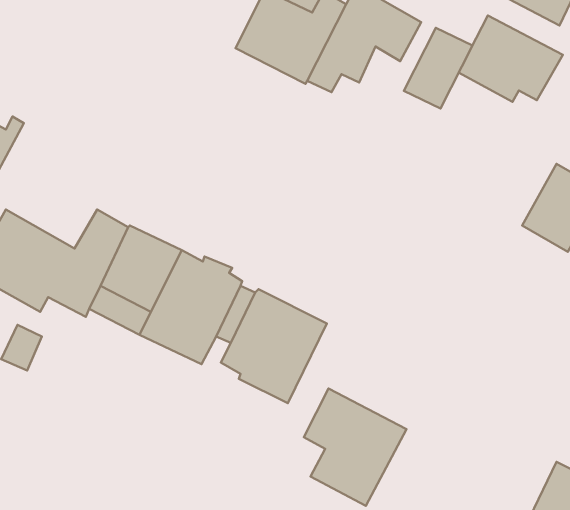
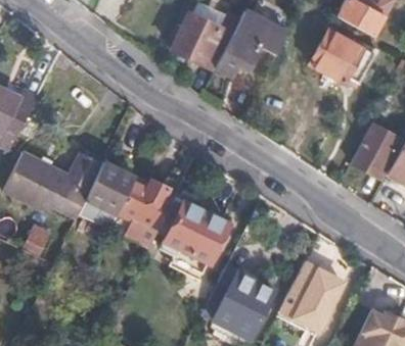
building: [404,28,472,109] -> none
building: none -> [280,260,348,332]

